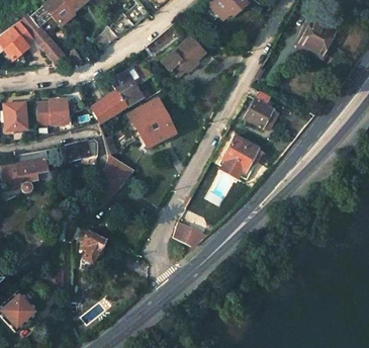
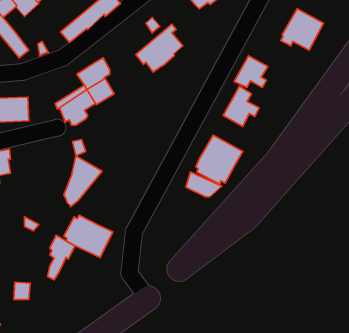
building: none -> [234,56,268,88]
building: [130,99,174,146] -> none
building: [68,139,99,159] -> none
building: none -> [64,215,113,258]
building: [174,223,207,246] -> [186,172,222,197]

